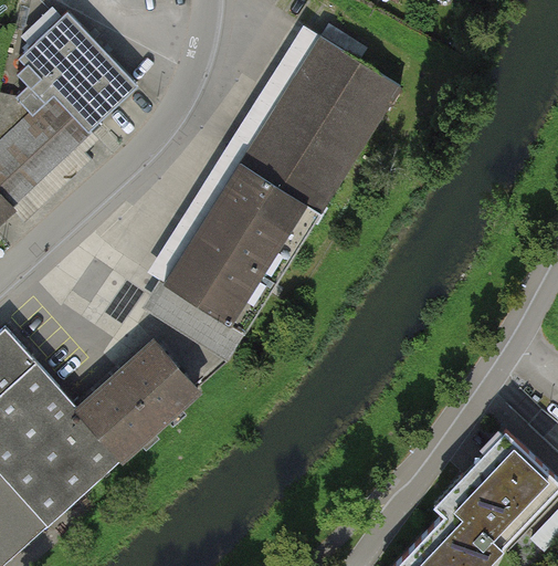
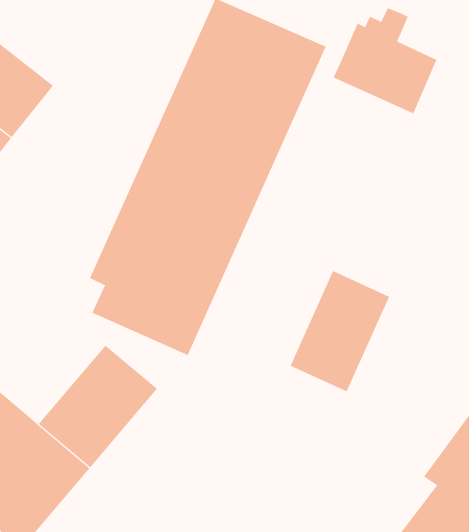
building: none -> [333,8,437,114]
building: none -> [290,270,390,392]

